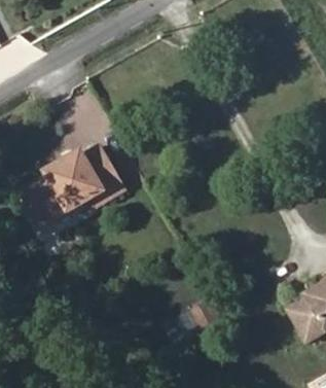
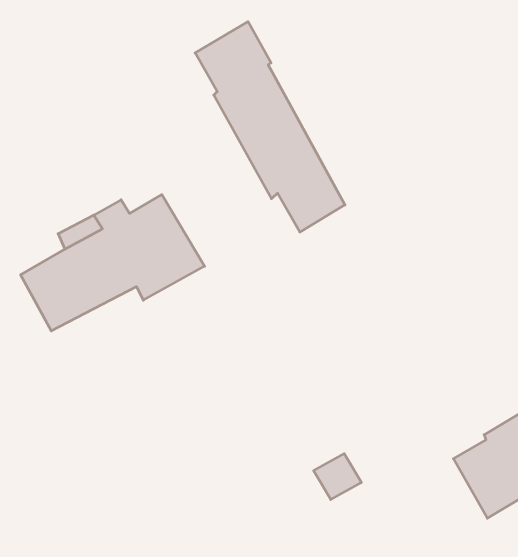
building: none -> [195,22,345,232]

